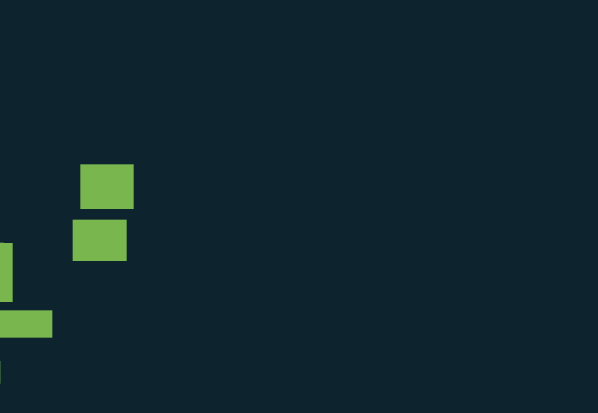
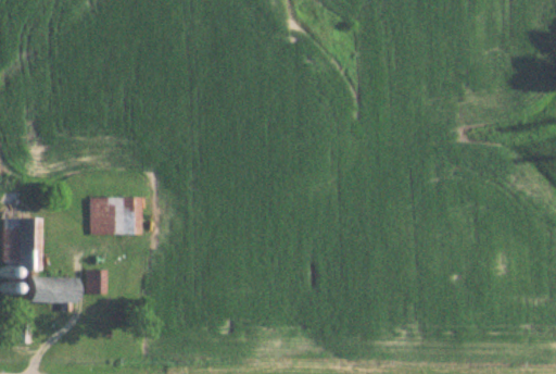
building: [80,163,134,210] -> none
building: none -> [87,270,106,294]

